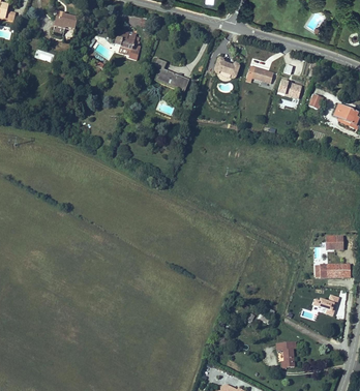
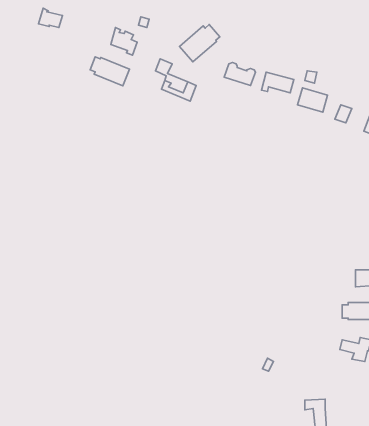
building: none -> [180,25,220,62]
building: none -> [90,57,130,86]

